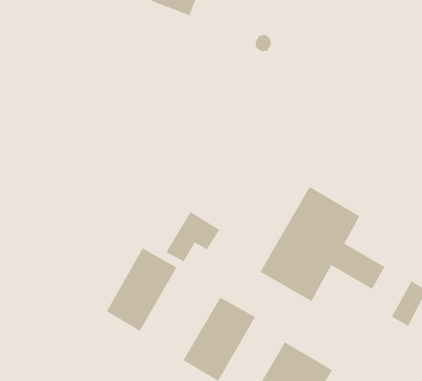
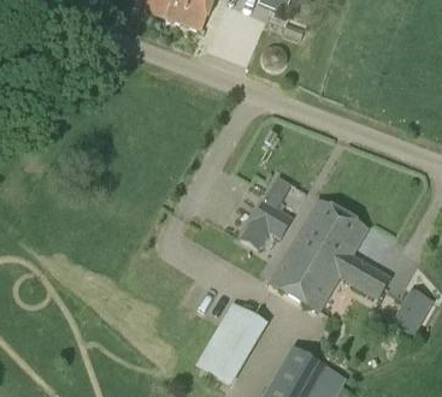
building: [165,211,220,262] -> [240,198,293,248]
building: [106,247,177,332] -> none

